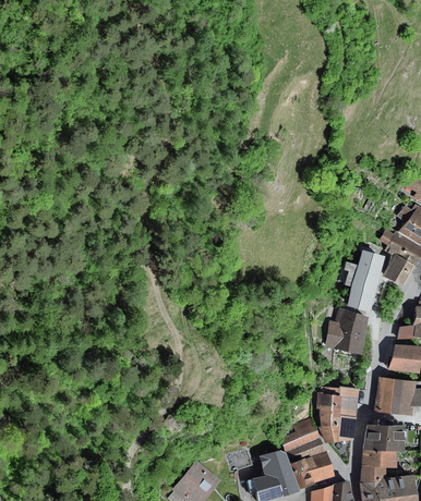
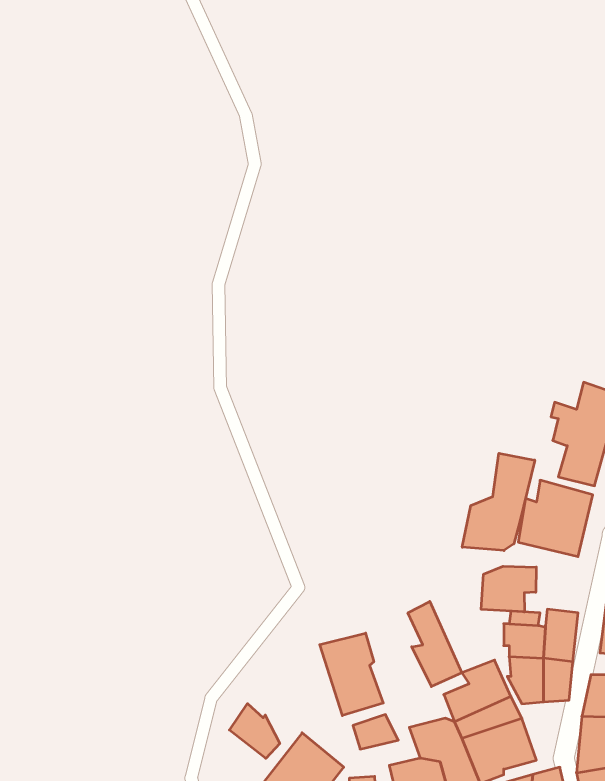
building: none -> [462,453,535,551]
building: none -> [481,566,536,612]
building: none -> [408,601,462,687]
building: none -> [320,633,383,716]
building: none -> [229,704,280,758]

